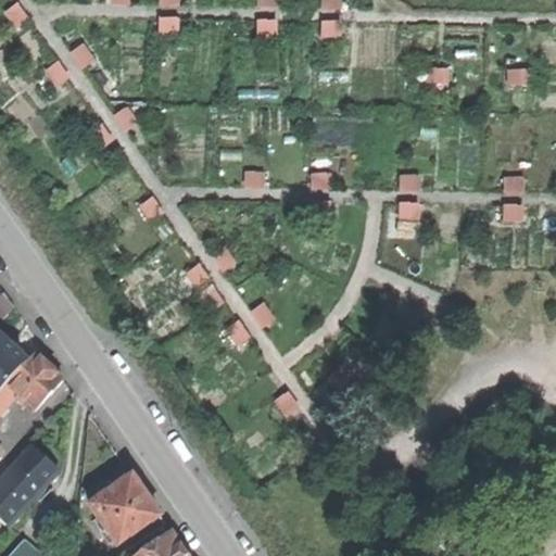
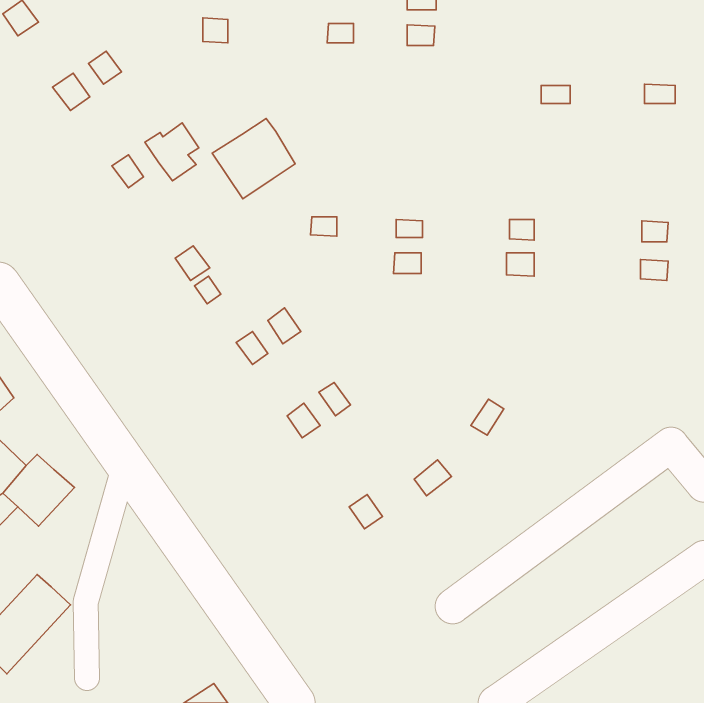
building: none -> [212,118,295,199]
building: [86,481,155,548] -> none

